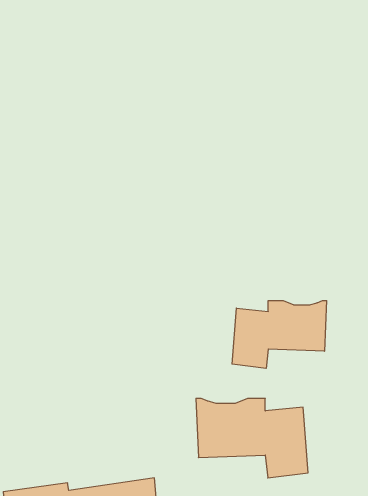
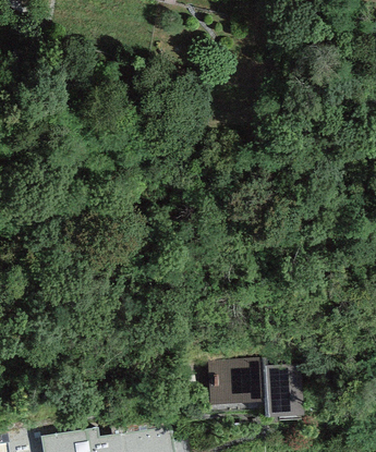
building: [232,301,327,368] -> none

